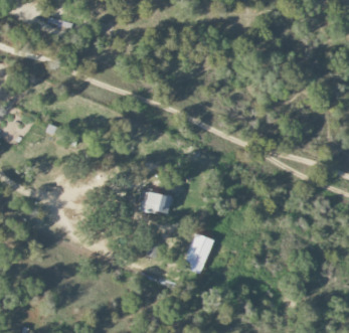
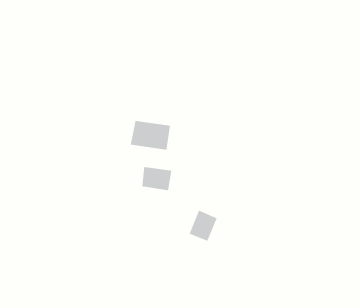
building: none -> [130,120,170,151]

